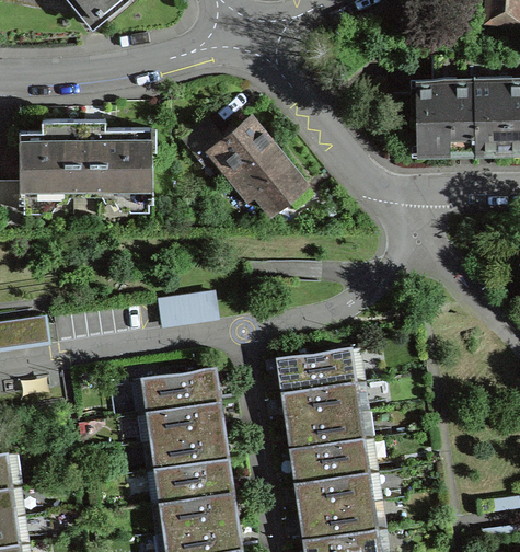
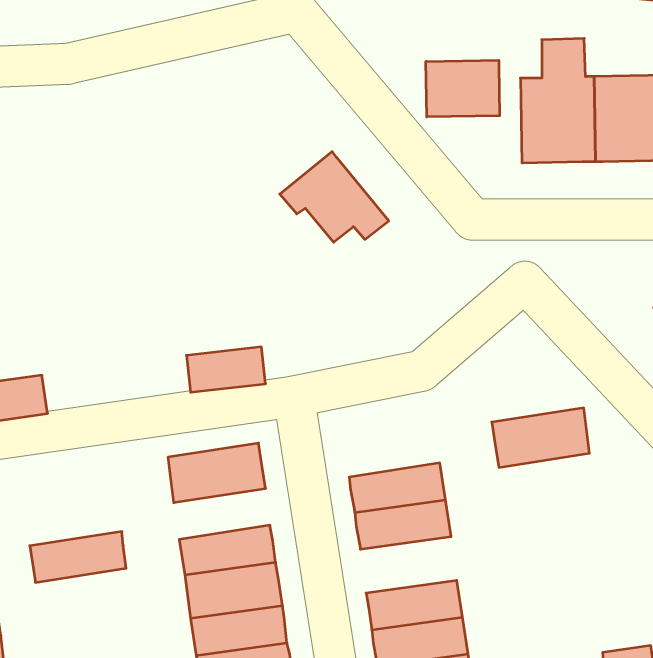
building: none -> [426,60,500,117]
building: [183,116,270,174] -> none
building: [19,119,153,211] -> none
building: [278,347,354,393] -> [492,408,589,467]
building: [148,402,222,441] -> [30,532,126,582]
building: [292,439,367,483] -> none

